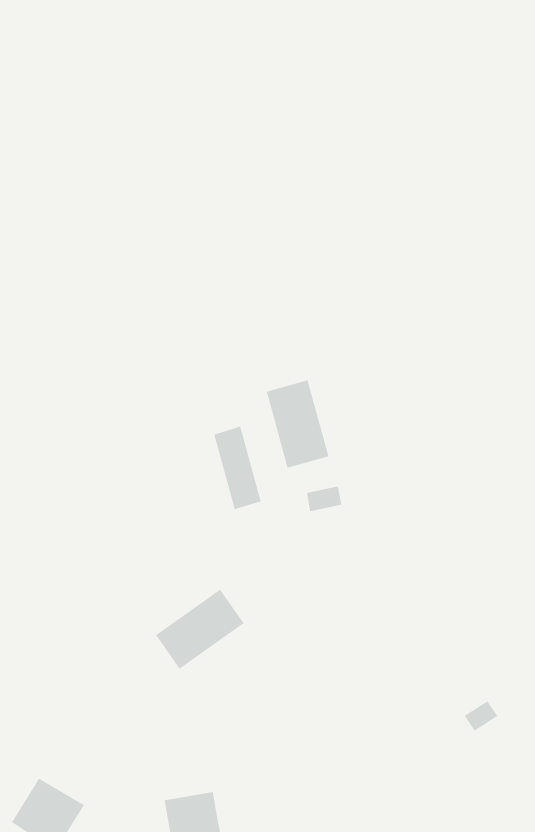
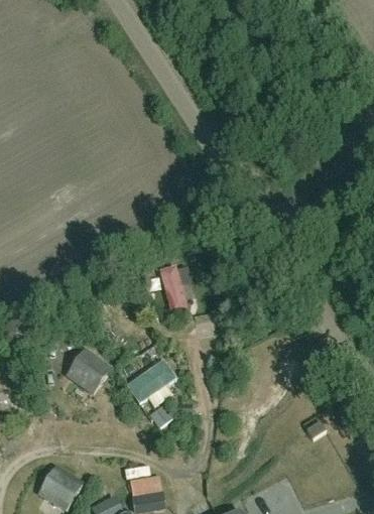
building: [266,379,329,469] -> none
building: none -> [67,351,111,395]

